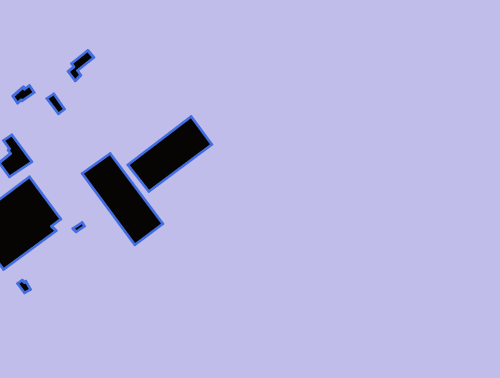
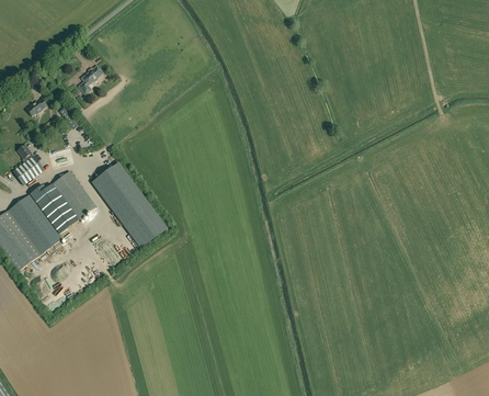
building: [128,117,212,192] -> none
building: none -> [53,170,96,219]

